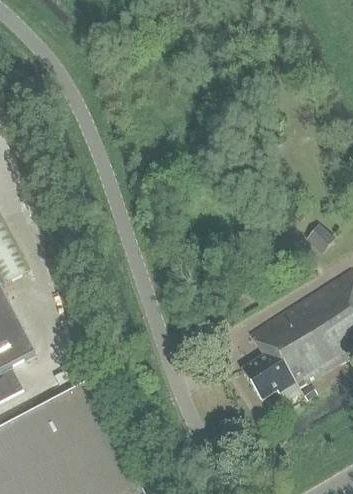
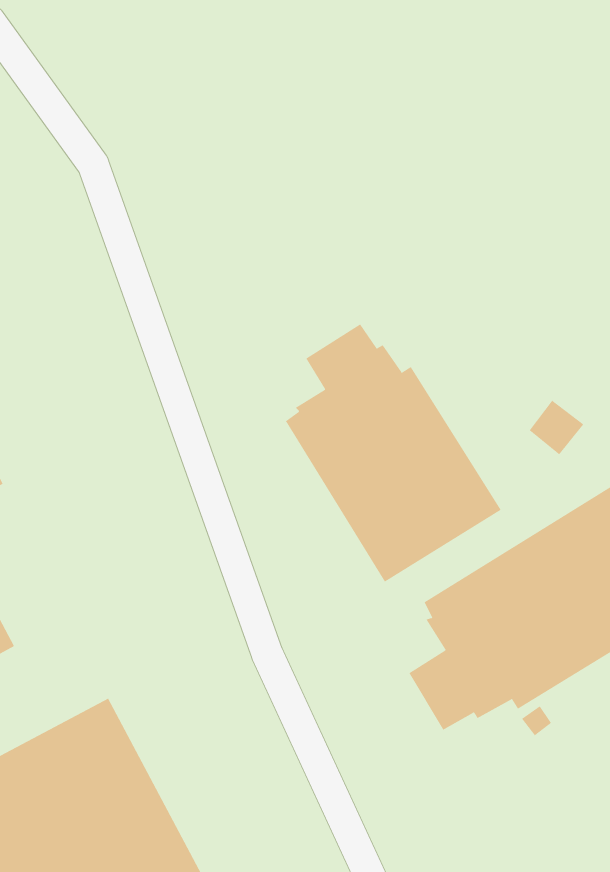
building: none -> [285,324,501,582]

